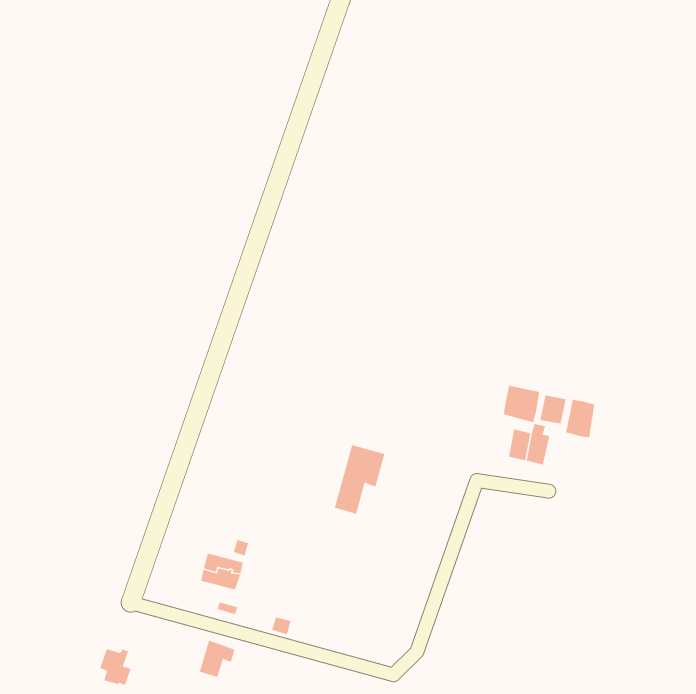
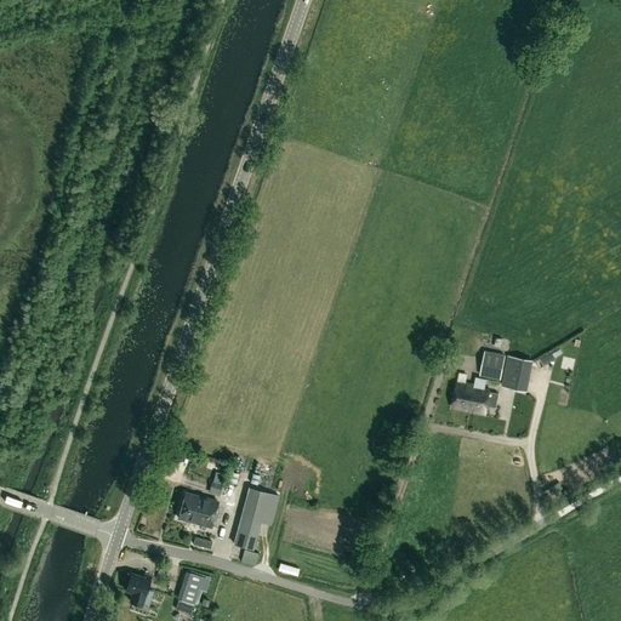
building: [503,385,540,423] -> none
building: [334,444,385,515] -> [233,488,279,551]
building: [99,648,132,686] -> [125,574,154,608]

